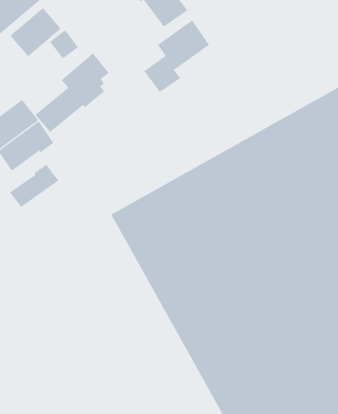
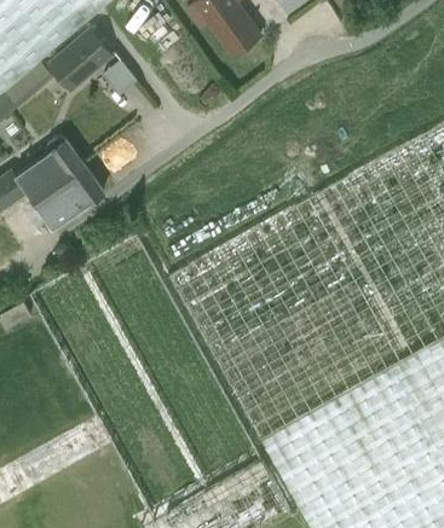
building: [144,20,210,93] -> none
building: [34,53,109,133] -> none
building: [9,164,59,208] -> none

